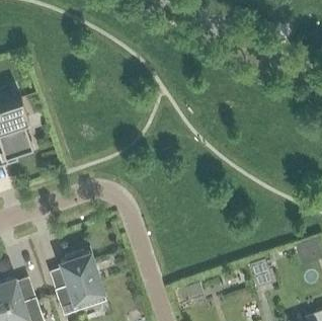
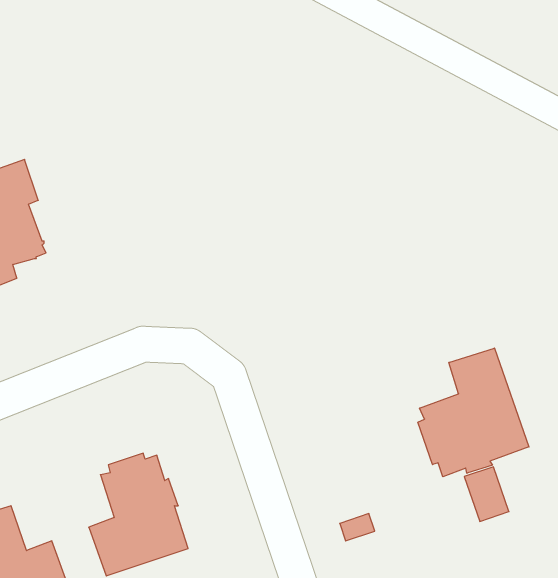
building: none -> [418,348,529,477]

